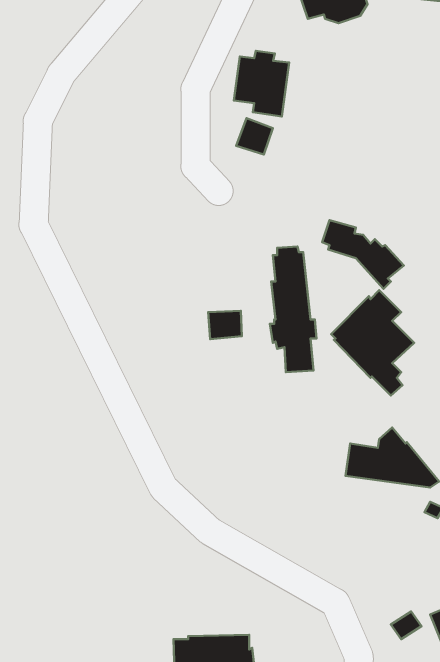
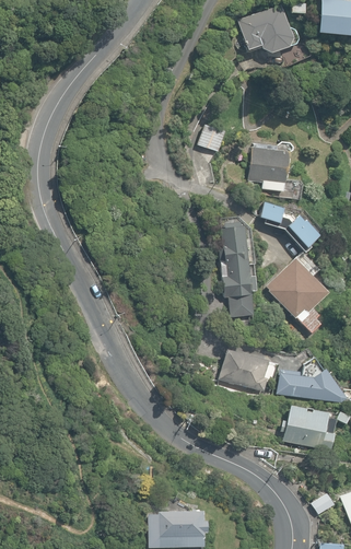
building: [234,51,289,116] -> [247,142,289,191]
building: [208,311,242,339] -> none
building: none -> [223,349,273,390]
building: none -> [281,405,335,449]

